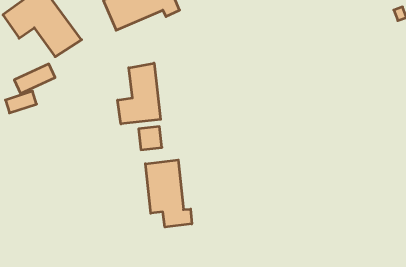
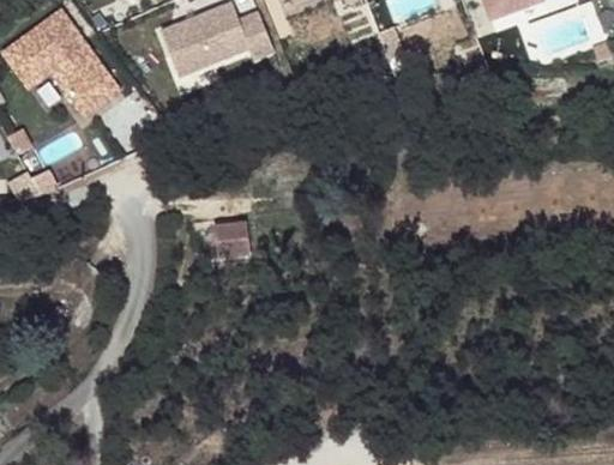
building: [118,63,161,124] -> none
building: [145,160,192,227] -> none

